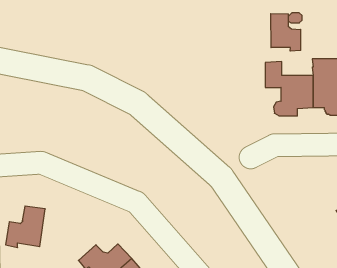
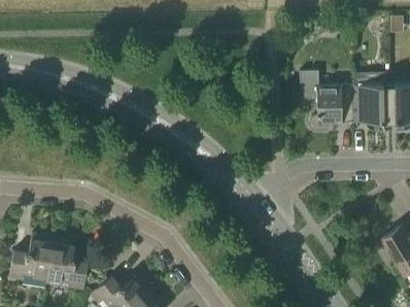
building: [271,14,301,51] -> none
building: none -> [46,237,88,289]

